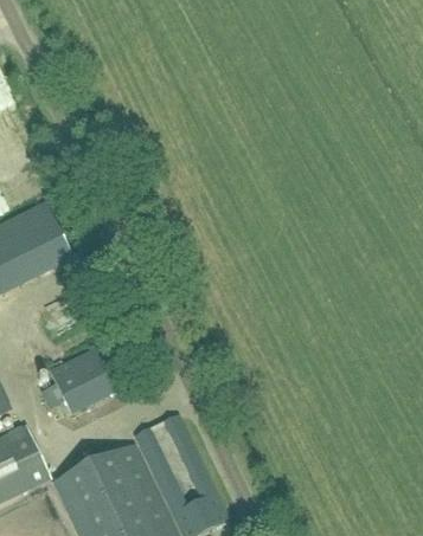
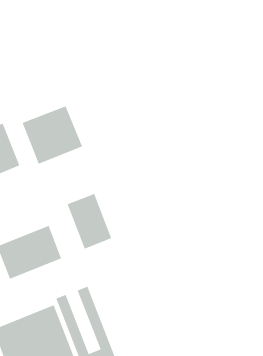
building: none -> [22,105,83,165]
building: none -> [67,193,112,250]

